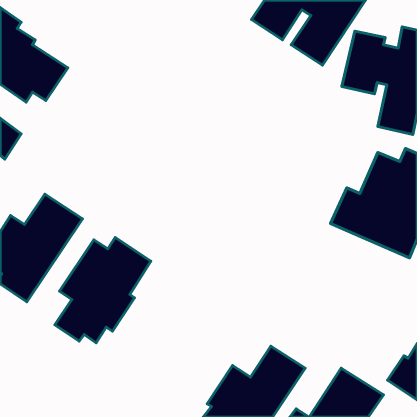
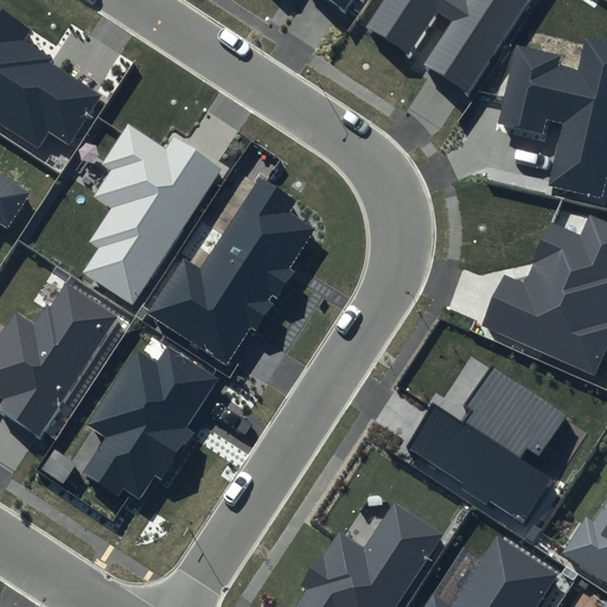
building: none -> [83,124,222,304]
building: none -> [146,177,314,365]
building: none -> [407,368,567,522]

